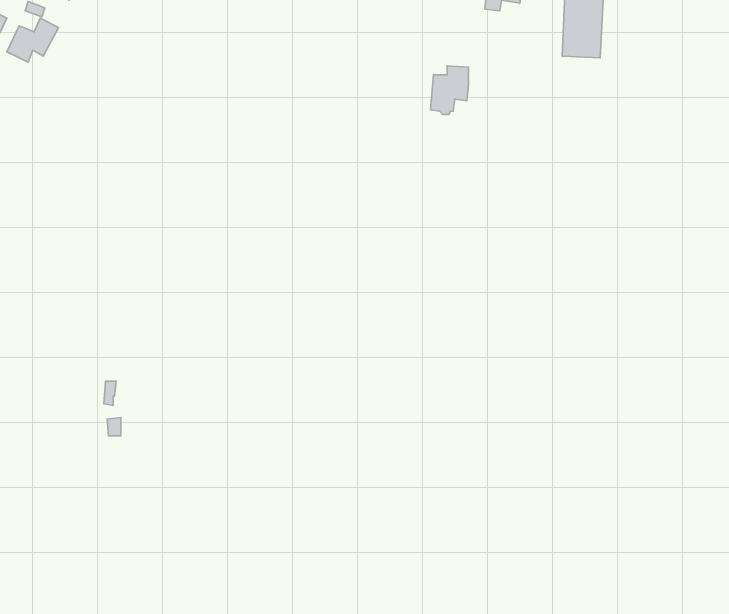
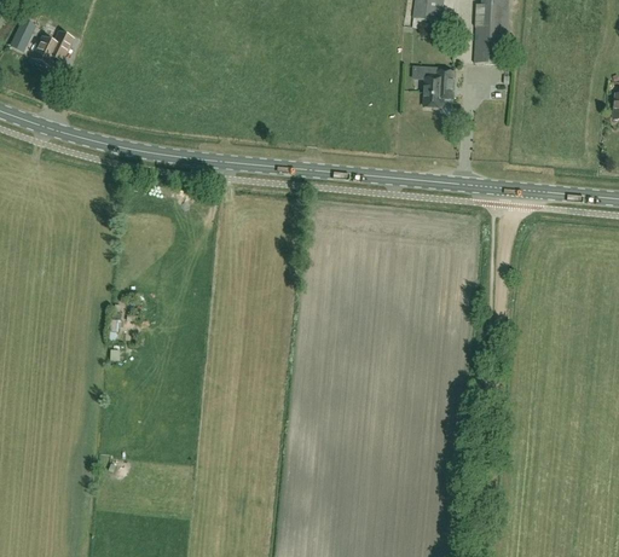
building: [430,66,468,114] -> [423,69,453,108]

